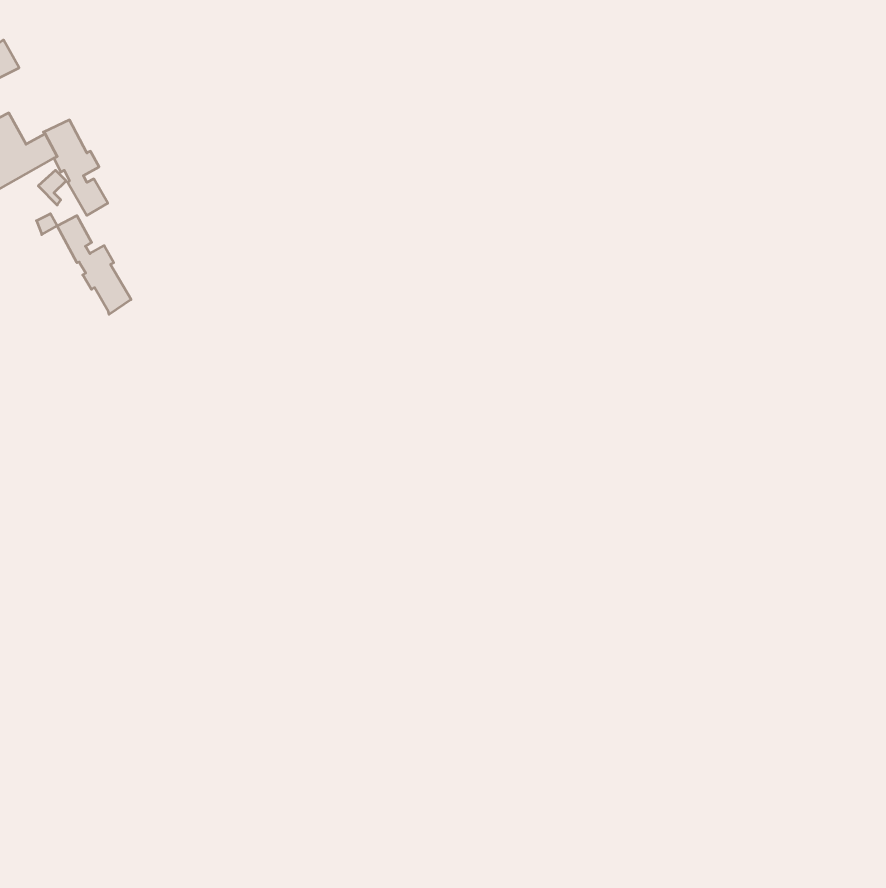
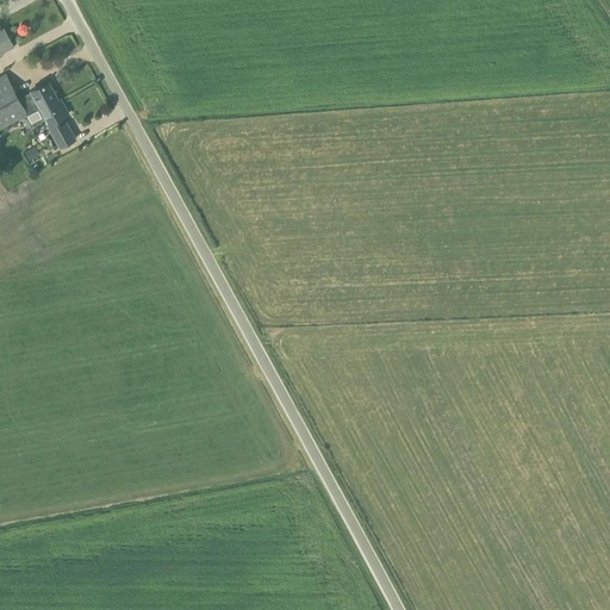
building: [57,216,131,314] -> none

